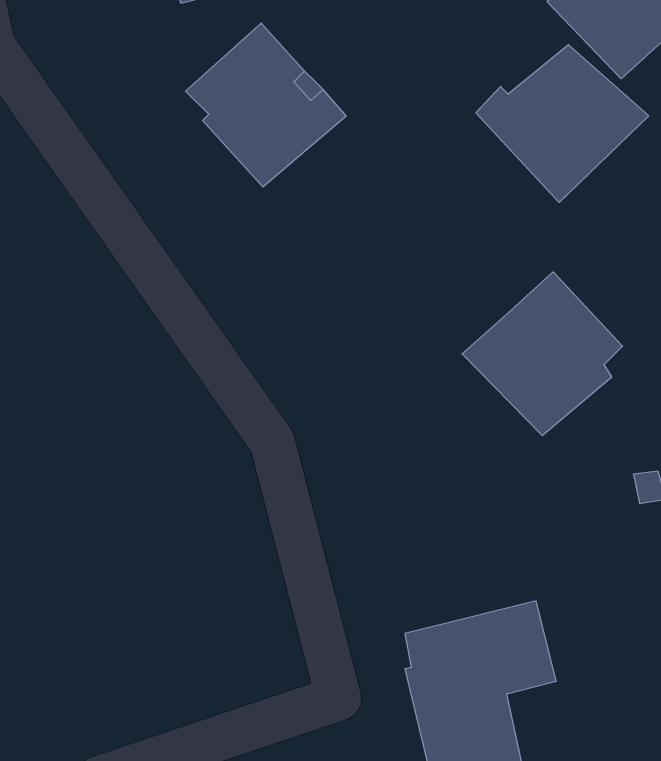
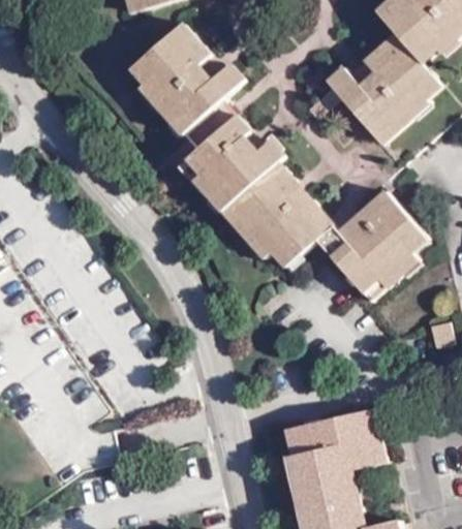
building: none -> [179,113,284,210]
building: none -> [224,168,333,266]

